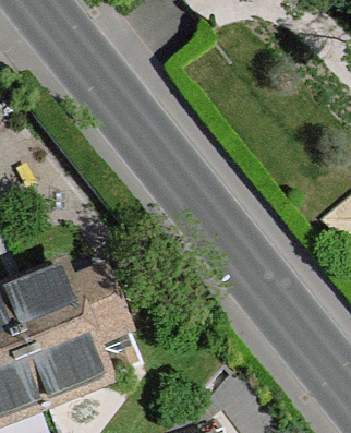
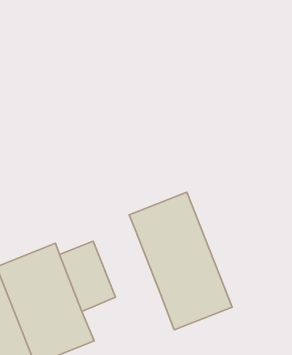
building: none -> [129,192,232,330]

